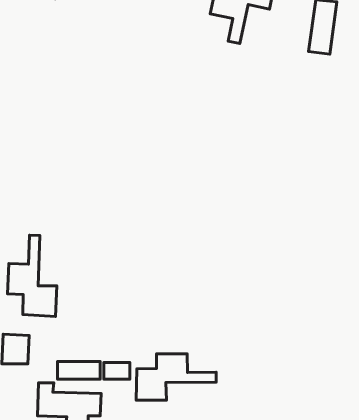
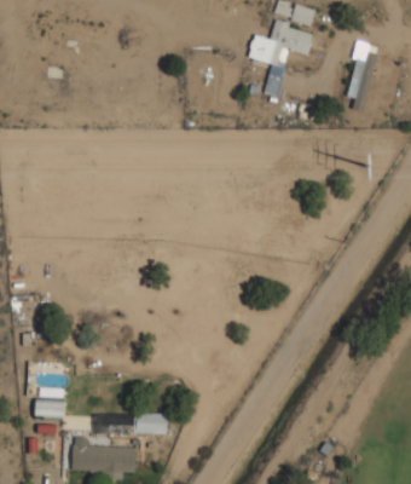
building: [8,235,57,316] -> none
building: [136,354,216,400] -> none

